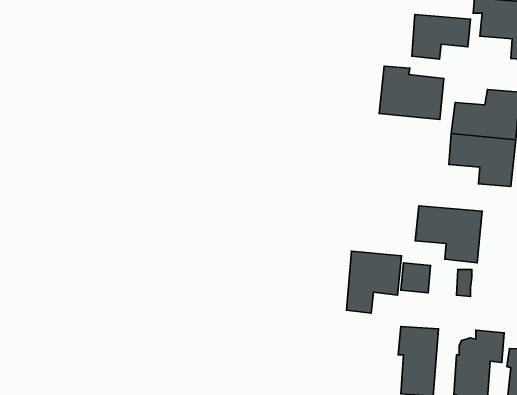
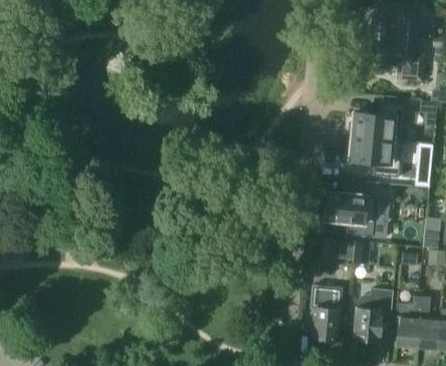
building: [412,14,471,59] -> none
building: [379,66,444,120] -> none
building: [346,251,402,313] -> none

